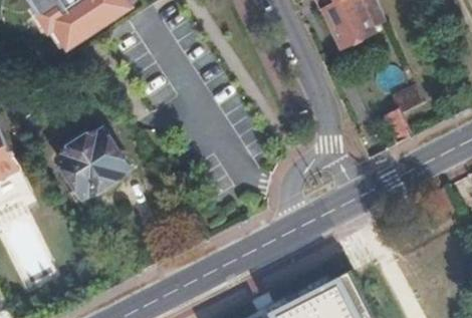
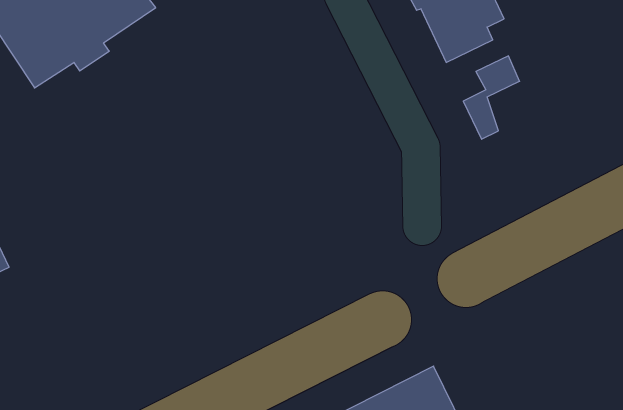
building: [386,83,426,142] -> [463,56,520,139]
building: [62,131,130,197] -> none

